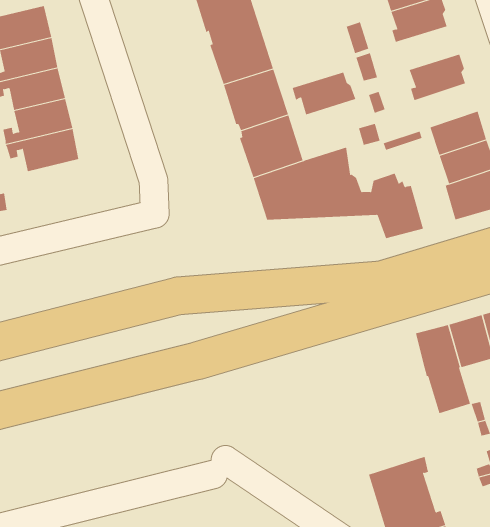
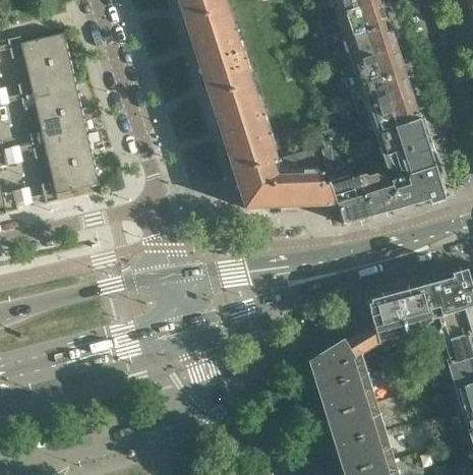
building: [292,72,356,115] -> [351,49,404,84]
building: none -> [366,96,419,132]
building: none -> [41,158,98,202]
building: none -> [364,178,400,215]
building: none -> [311,324,379,416]

